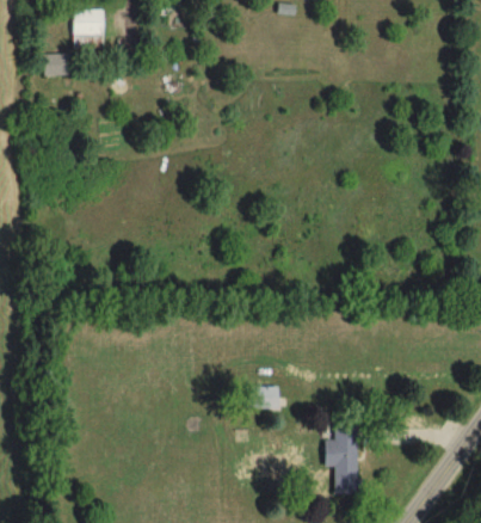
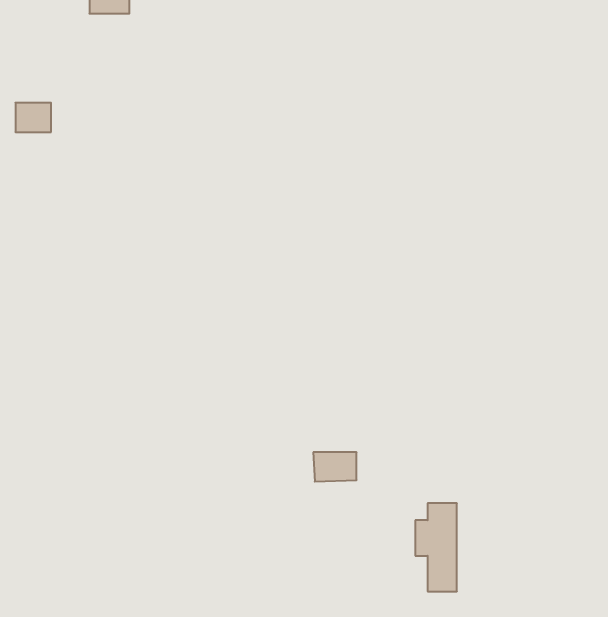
building: [44,53,72,75] -> [15,103,51,132]

